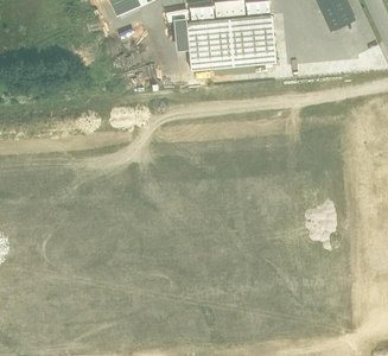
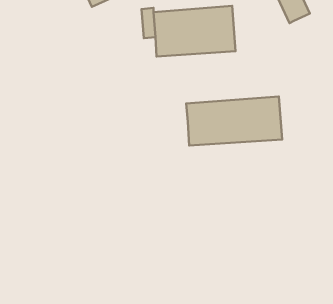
building: none -> [186,97,282,145]

